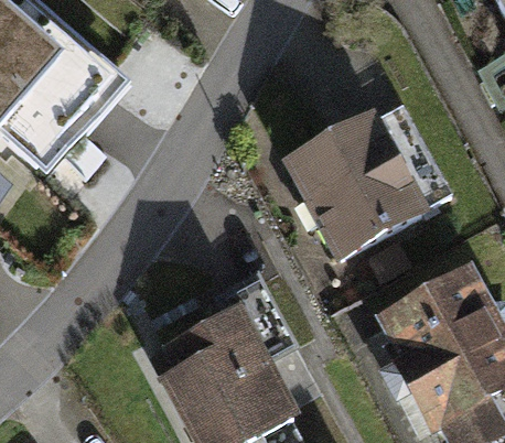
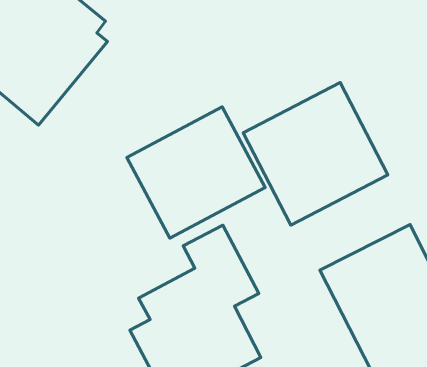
building: none -> [127,107,265,238]

